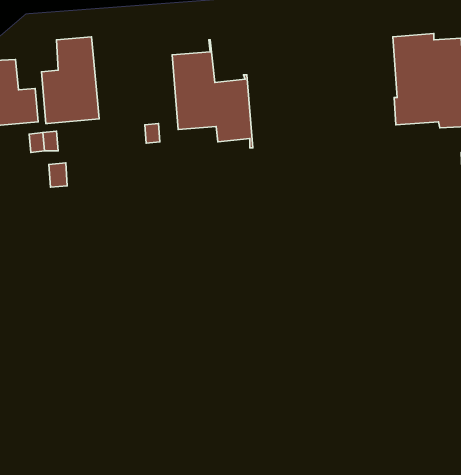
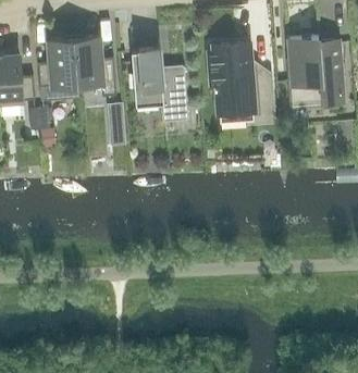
building: none -> [73,37,115,97]
building: none -> [209,42,273,124]

